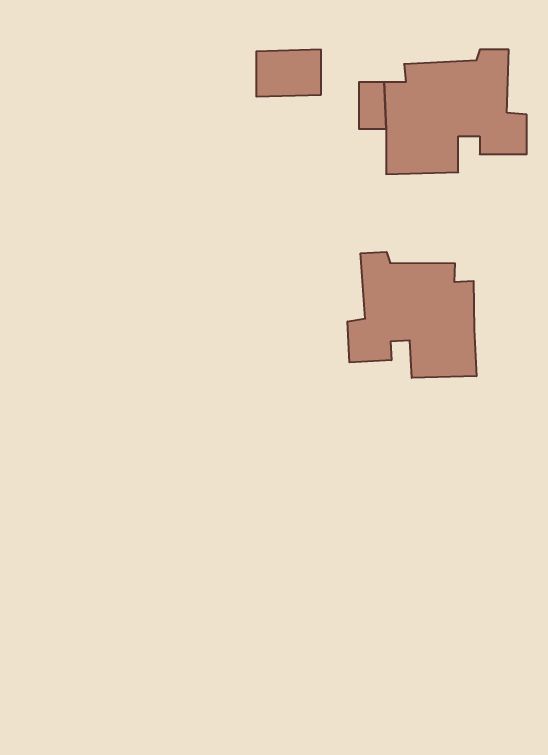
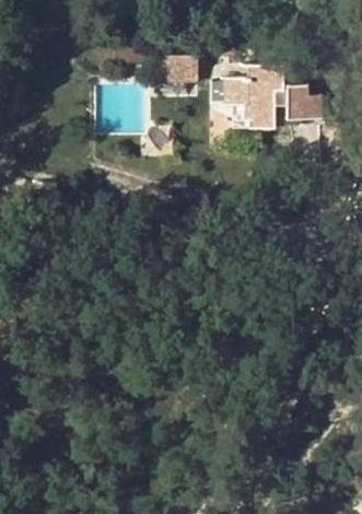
building: [348,252,476,378] -> none

